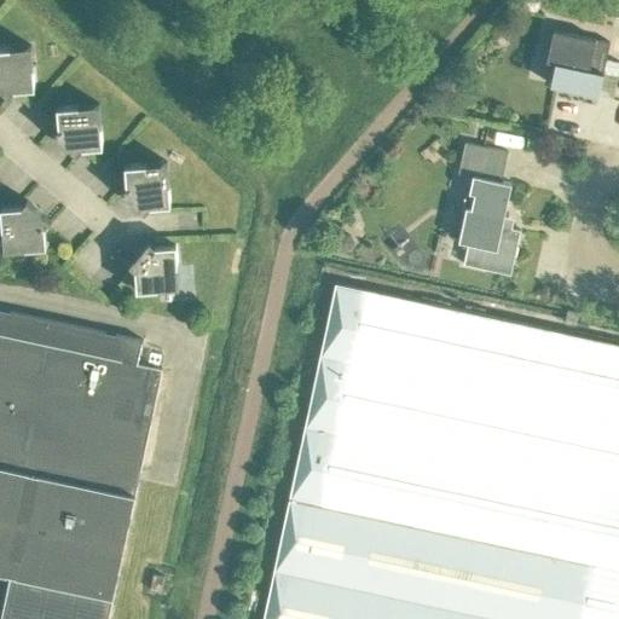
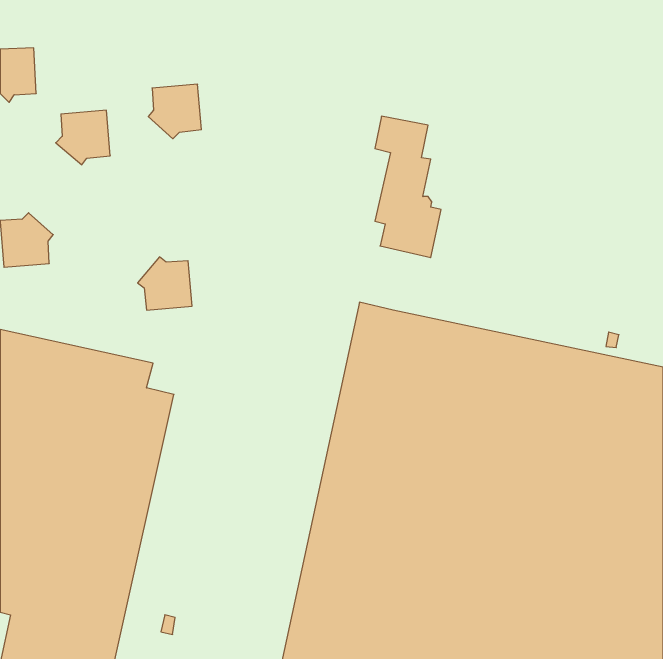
building: [546,33,609,98] -> none
building: [458,145,520,277] -> [375,116,441,258]
building: [121,164,170,215] -> [148,84,201,139]

